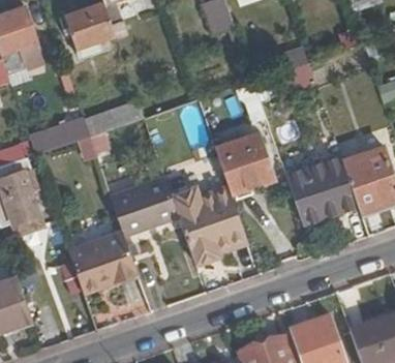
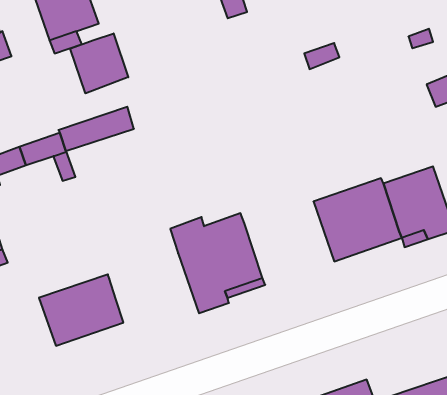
building: none -> [70,33,128,93]
building: [215,133,273,193] -> none
building: [110,176,179,237] -> none

